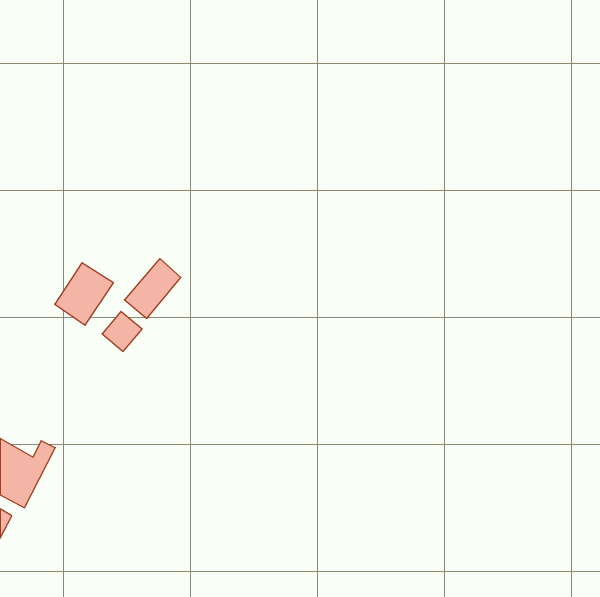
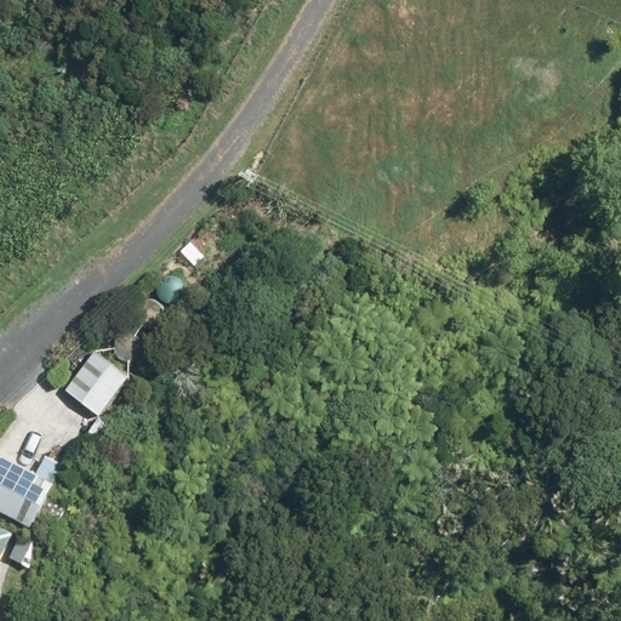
building: [55,263,113,325] -> [64,351,125,415]

